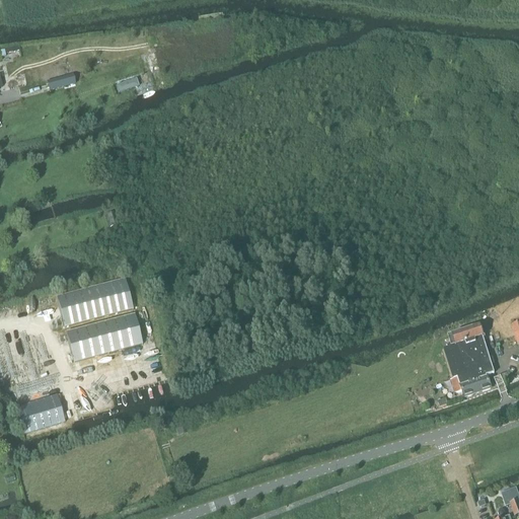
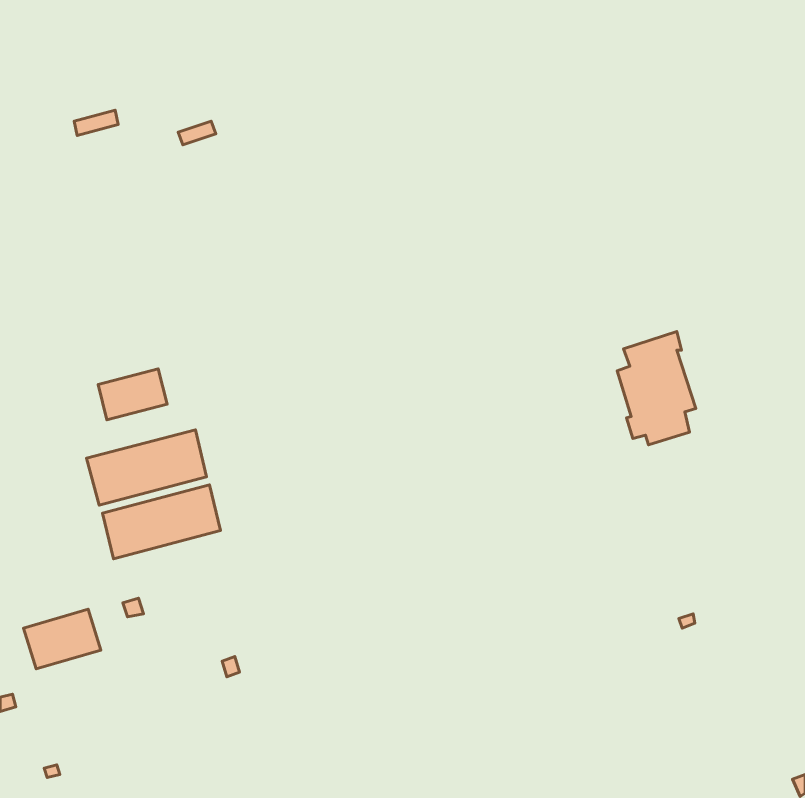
building: none -> [98,369,167,420]
building: [444,321,495,394] -> [617,331,696,445]

